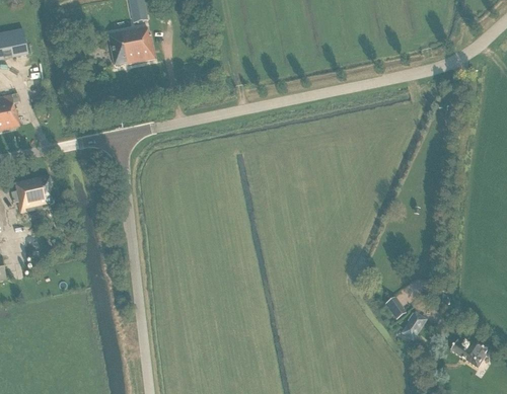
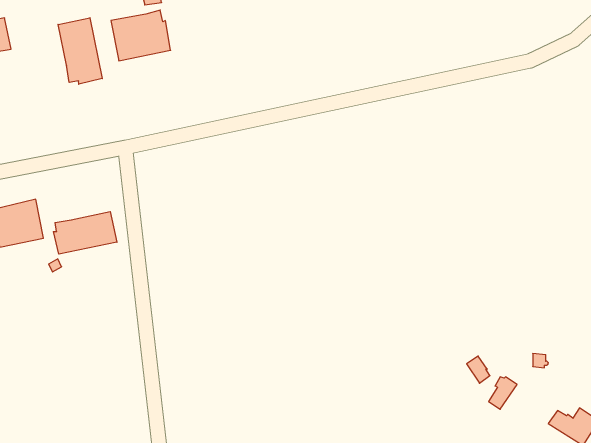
building: none -> [58,18,102,84]
building: none -> [53,212,117,254]

